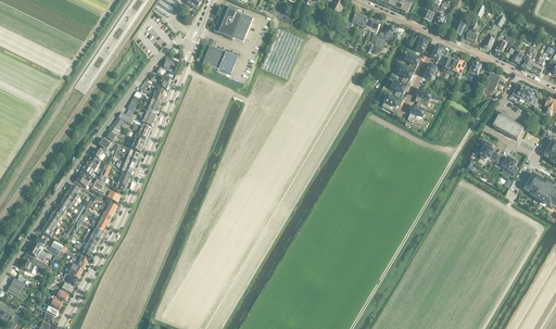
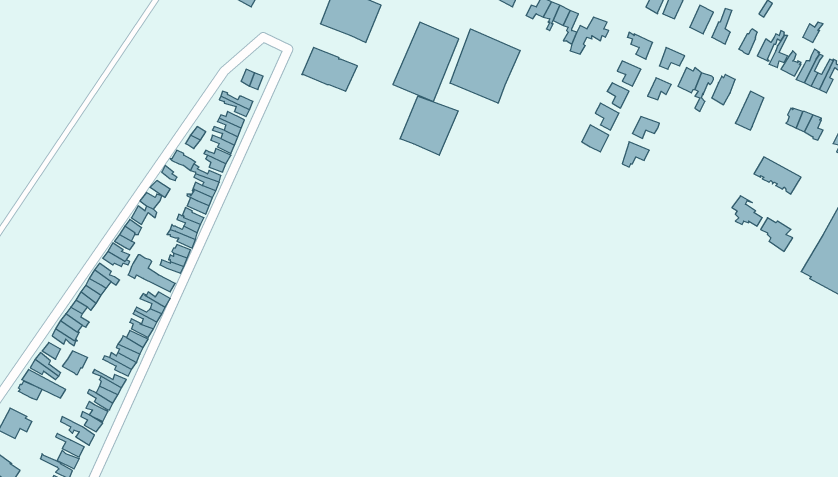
building: none -> [450,29,520,103]
building: none -> [400,96,458,155]

